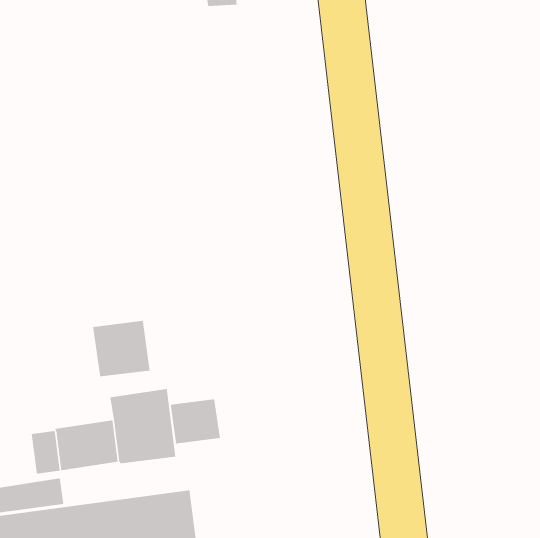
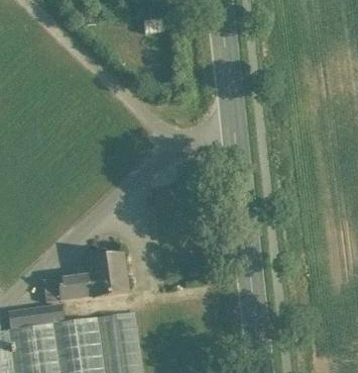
building: [93,320,150,377] -> none
building: [170,399,220,444] -> none

